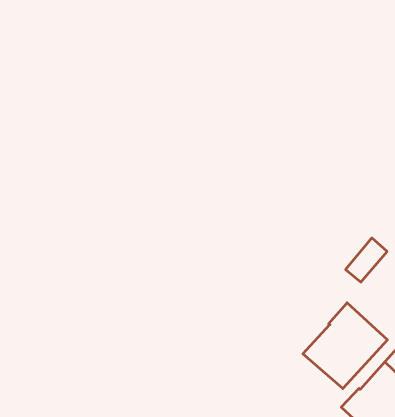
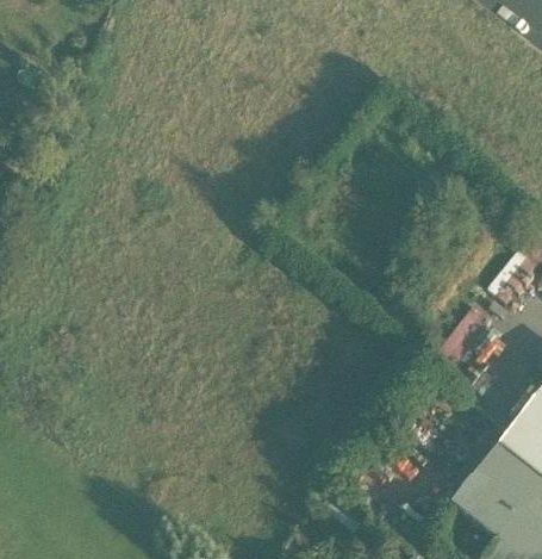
building: [303,303,387,389] -> none

